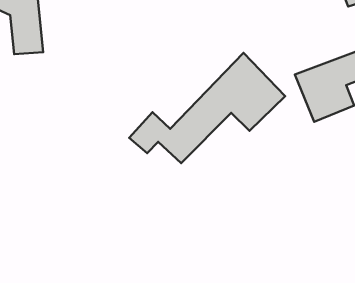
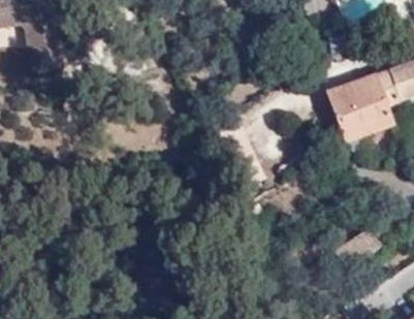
building: [129,53,285,163] -> none

